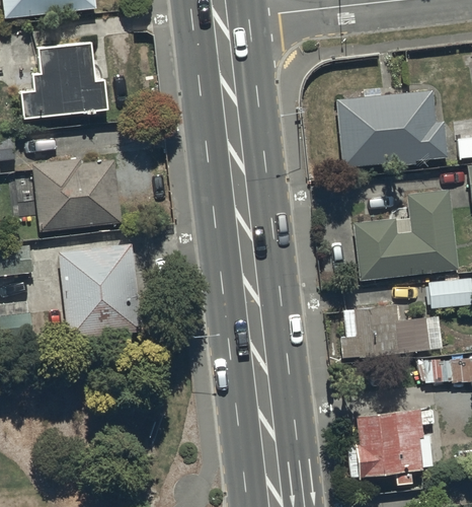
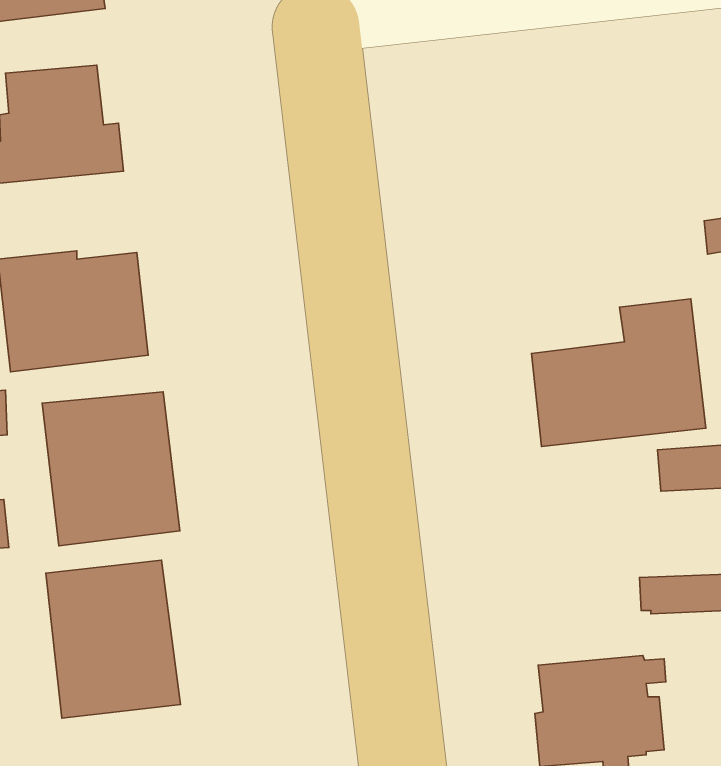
building: [338,90,448,167] -> none
building: [342,305,430,357] -> none
building: none -> [46,560,180,718]

